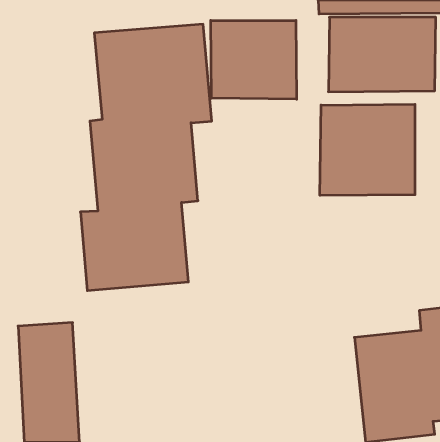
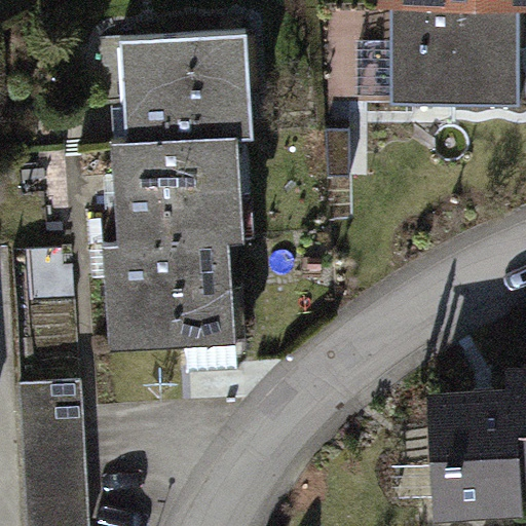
building: [211,20,297,99] -> none
building: [320,104,415,195] -> none

